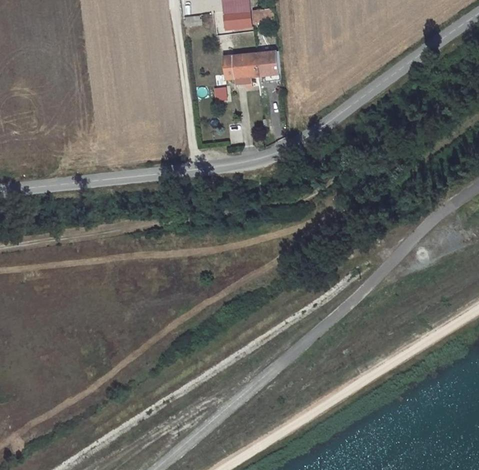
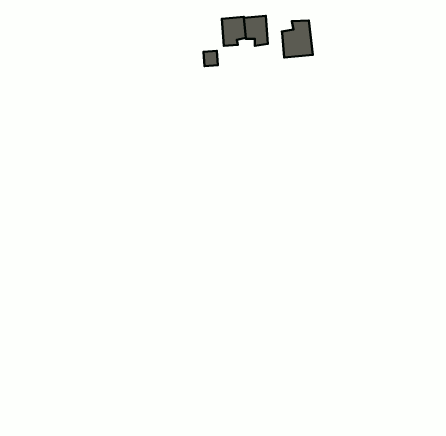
building: none -> [282,21,313,58]

